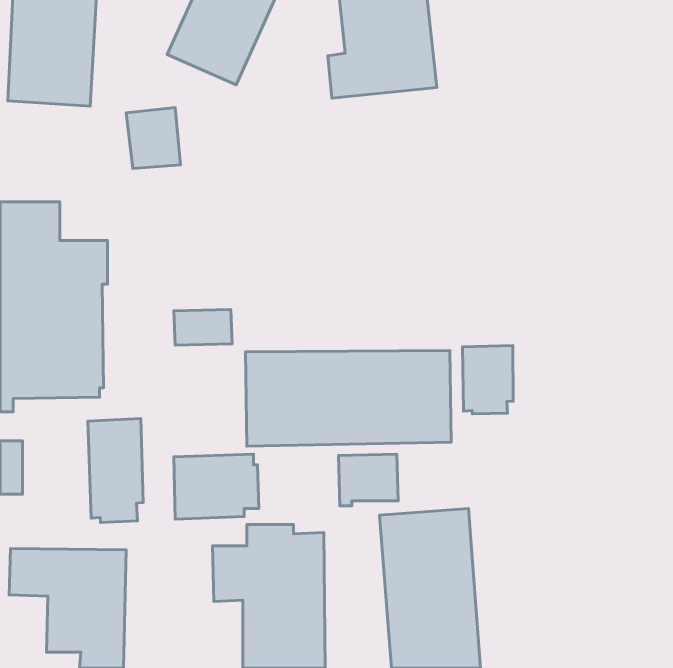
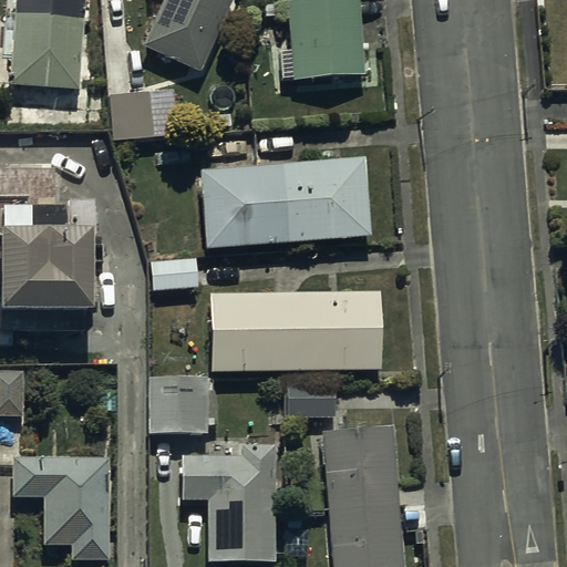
building: none -> [200,157,371,250]
building: [463,345,513,414] -> none
building: [88,418,143,522] -> none

